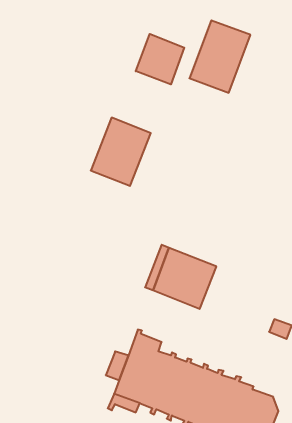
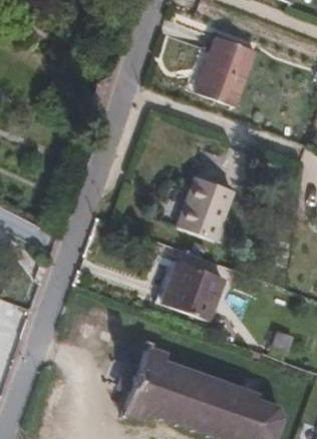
building: [136,34,184,84] -> none
building: [91,118,151,186] -> [175,175,233,242]

